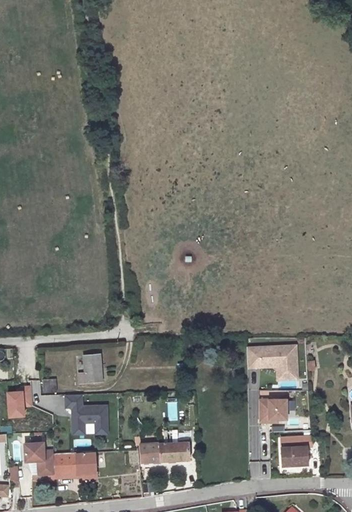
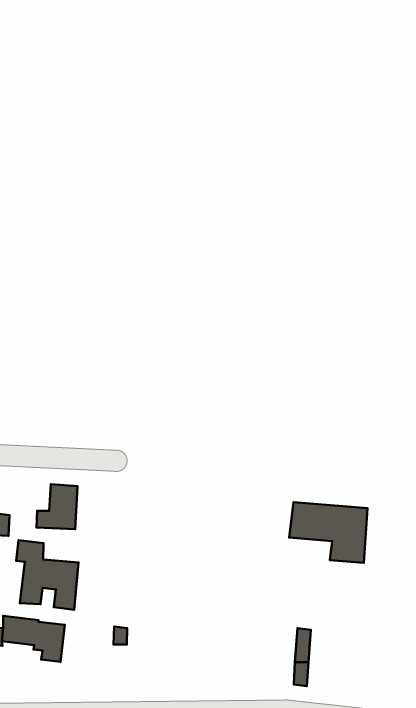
building: [254,401,283,428] -> none
building: [287,439,315,464] -> none
building: [145,440,193,460] -> none

